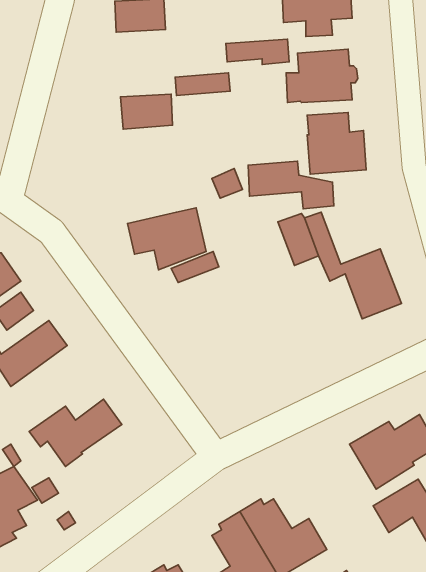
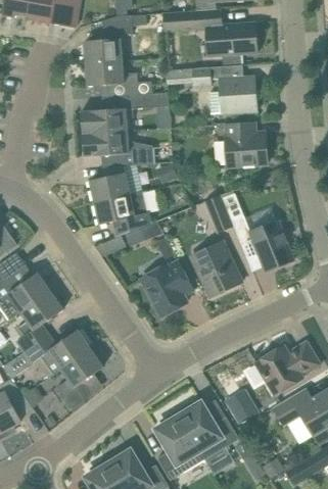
building: none -> [86,61,152,96]
building: [248,161,334,209] -> [91,131,153,165]
building: none -> [90,173,130,202]
building: none -> [190,241,242,297]
building: none -> [141,260,194,316]
building: none -> [15,291,63,353]
building: none -> [56,348,103,412]
building: none -> [225,389,260,425]

